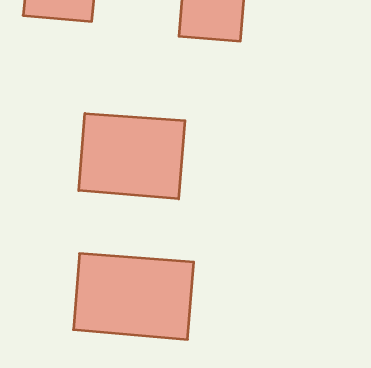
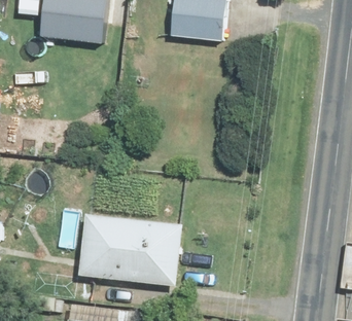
building: [79,113,185,199] -> none

